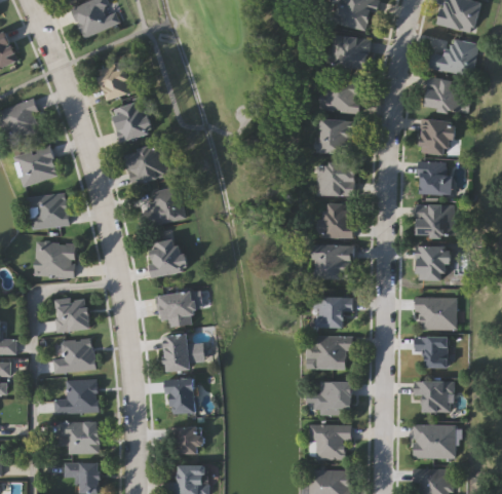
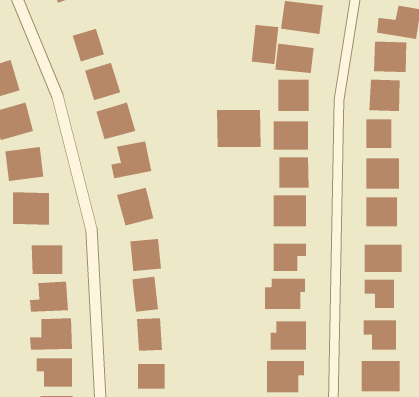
building: none -> [251,24,279,65]
building: none -> [217,109,261,148]

